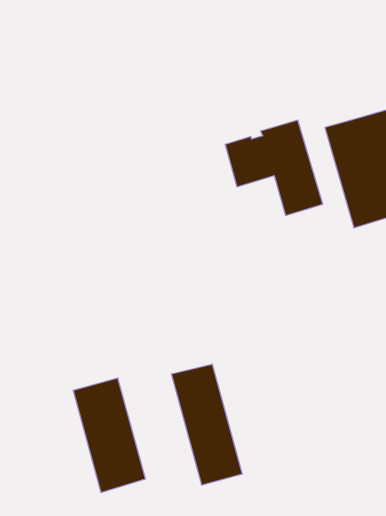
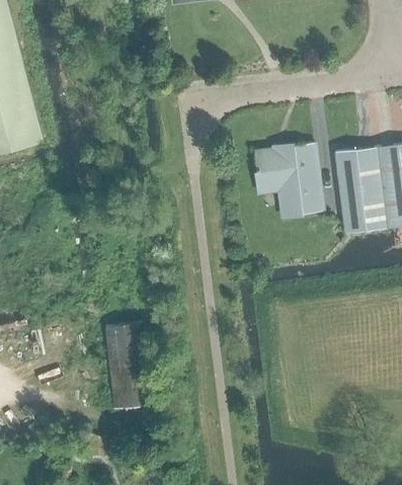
building: [171,364,242,485] -> none

